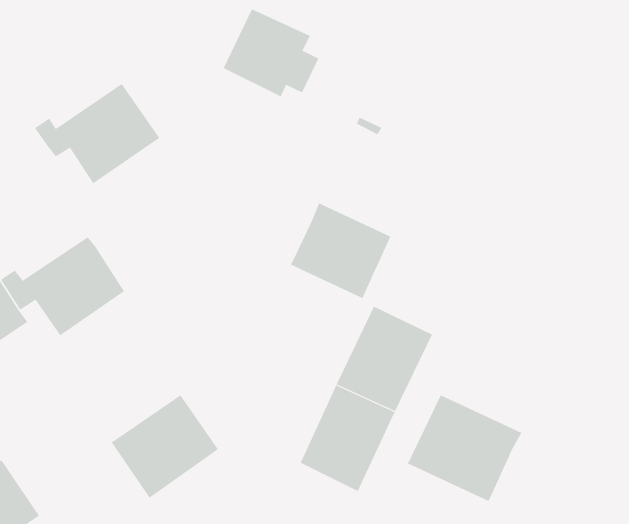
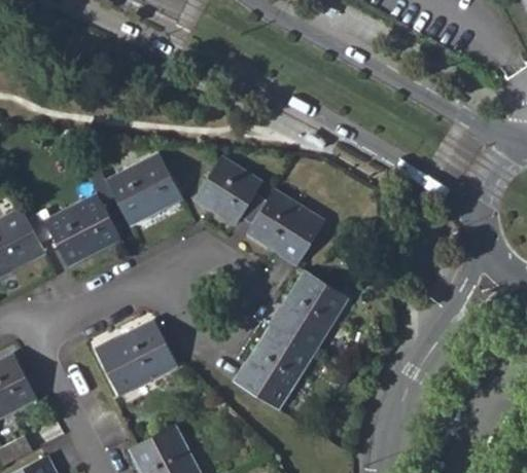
building: [223,9,319,97] -> [194,157,267,226]
building: [34,83,160,184] -> [89,153,182,226]
building: [407,394,522,502] -> none

